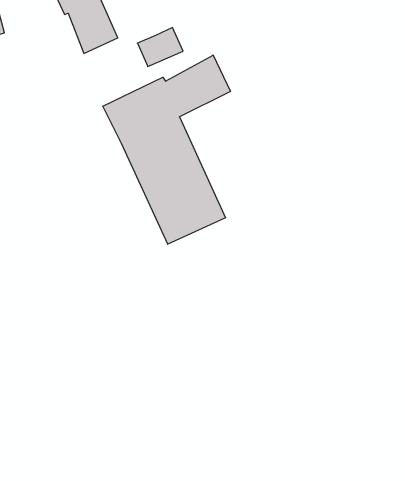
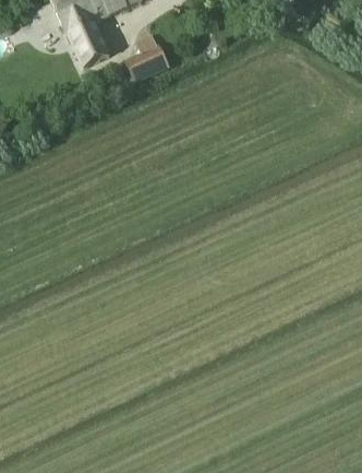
building: [103,55,231,244] -> none

